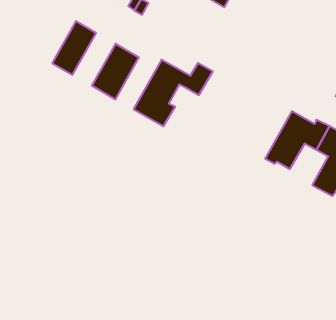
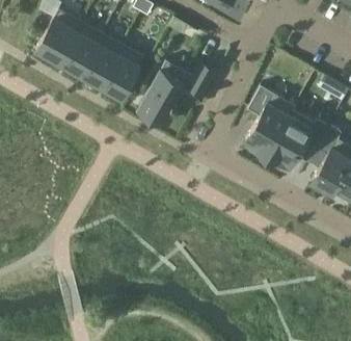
building: none -> [36,9,83,63]
building: none -> [80,34,122,85]
building: none -> [246,86,295,156]

